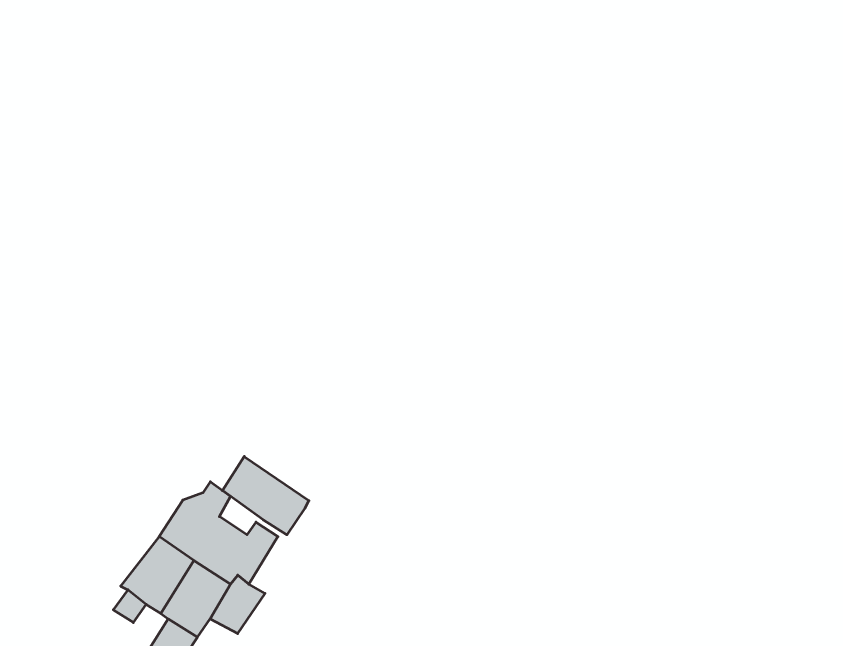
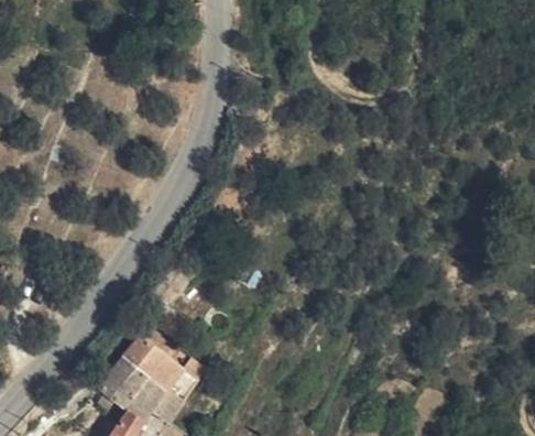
building: [222,456,309,535] -> none

